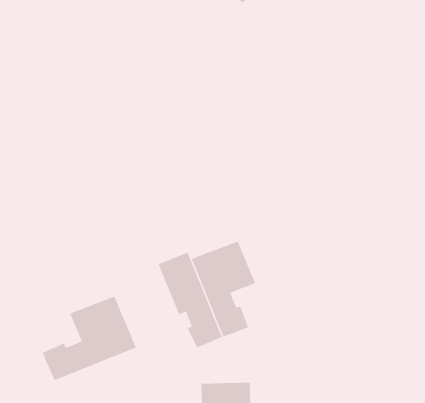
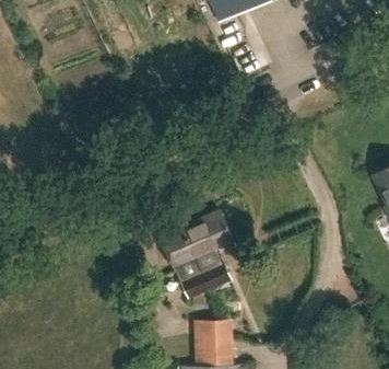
building: [41,296,137,381] -> none

